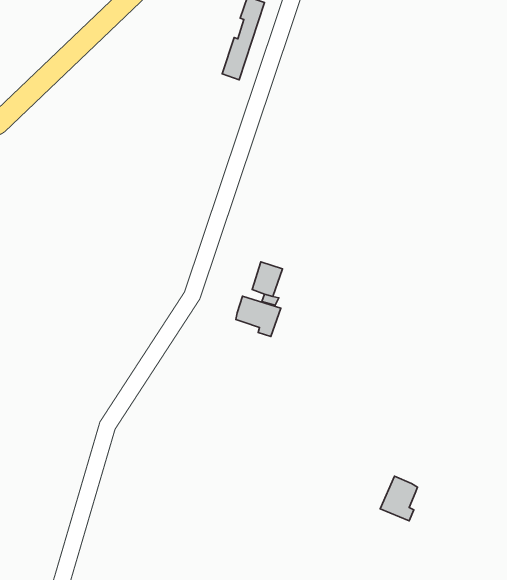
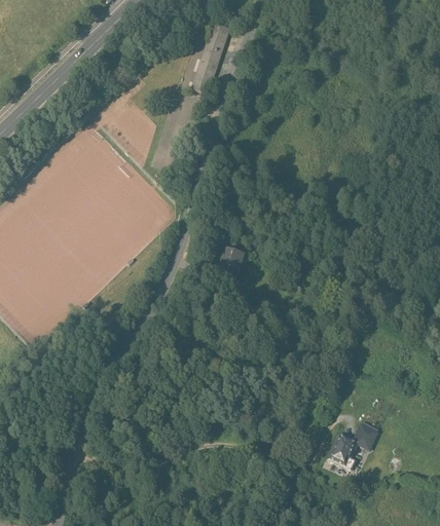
building: [236,296,281,337] -> none
building: none -> [355,421,378,449]

